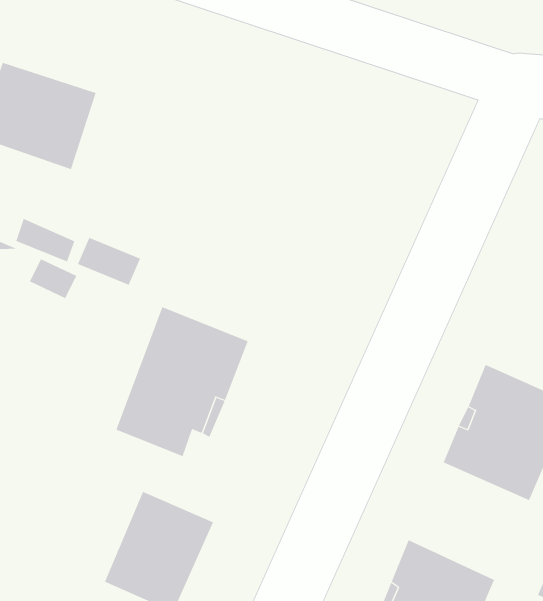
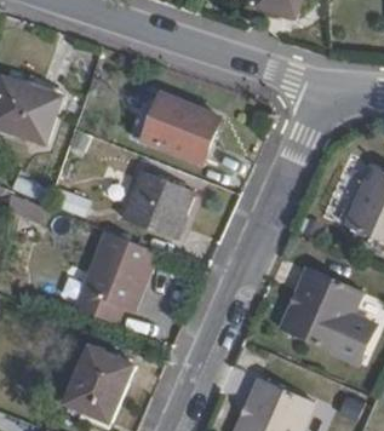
building: none -> [145,96,219,163]
building: none -> [124,171,193,239]

